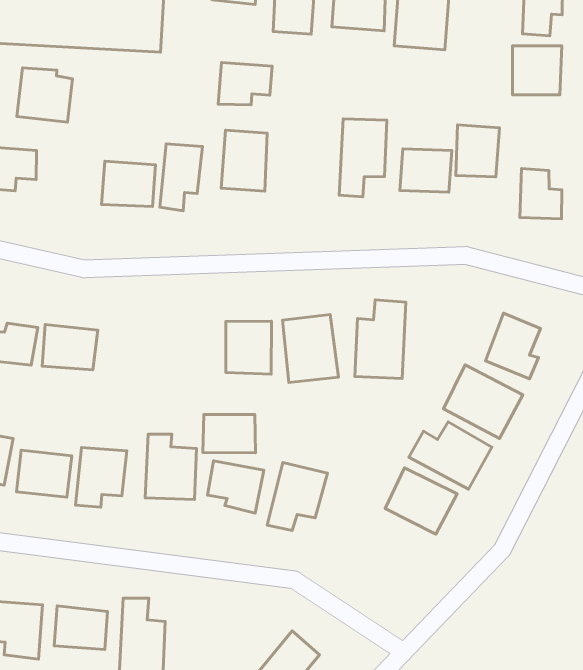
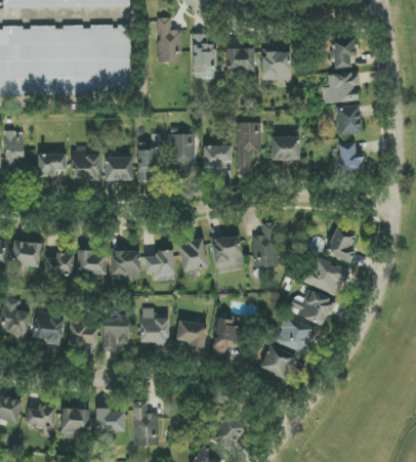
building: [218,62,272,105] -> [202,145,231,169]
building: [17,68,73,122] -> [70,151,99,179]
building: [456,125,499,177] -> [336,107,360,135]
building: none -> [110,250,139,279]
building: [203,414,256,453] -> [143,252,174,276]
building: none -> [260,344,296,379]

